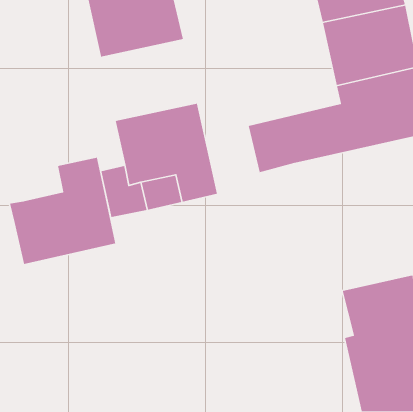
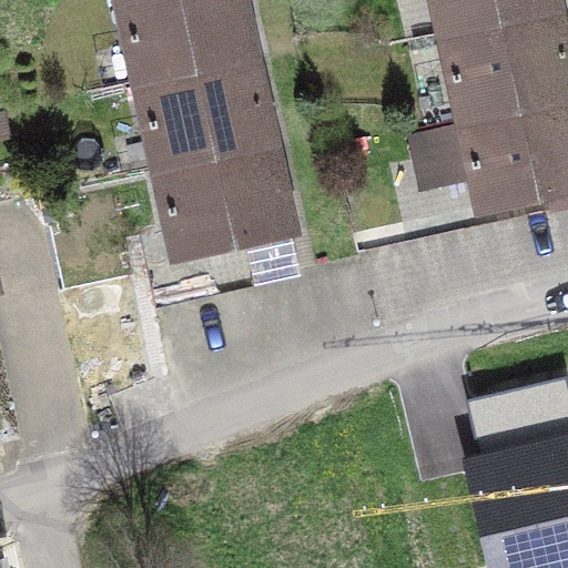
building: none -> [139,54,272,165]
building: [9,157,116,265] -> none

